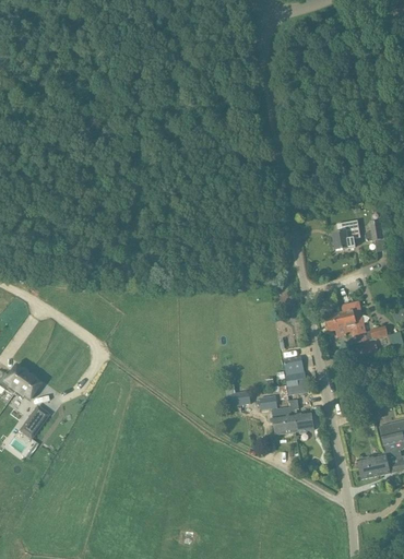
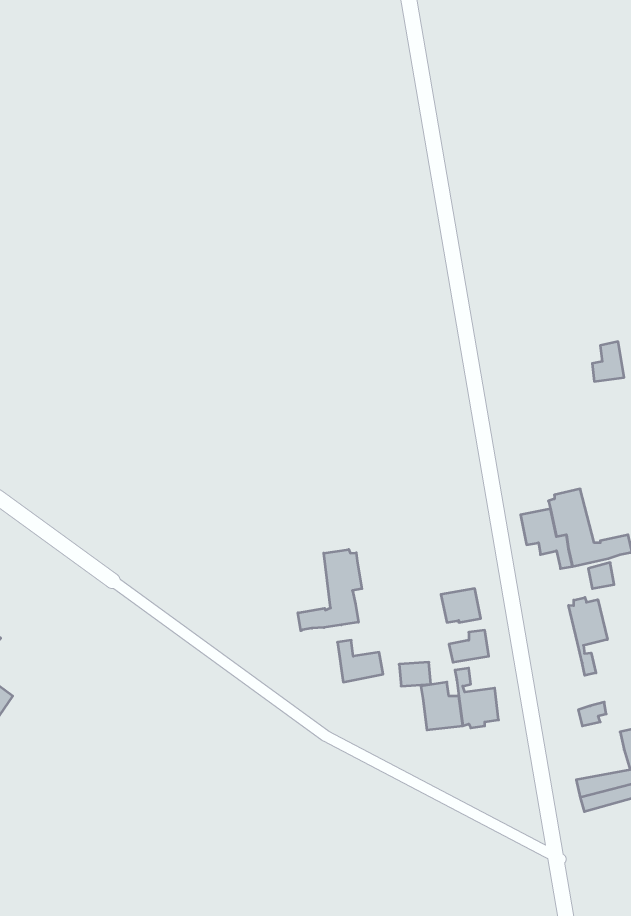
building: [332,221,359,249] -> none
building: none -> [298,549,362,631]
building: none -> [569,597,607,675]

